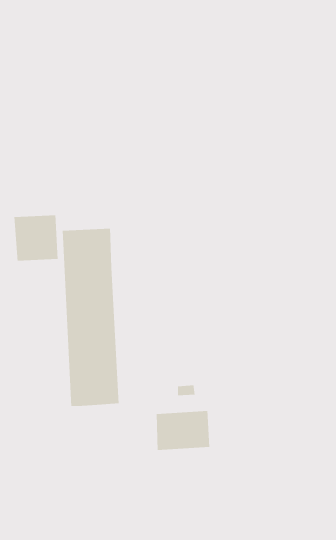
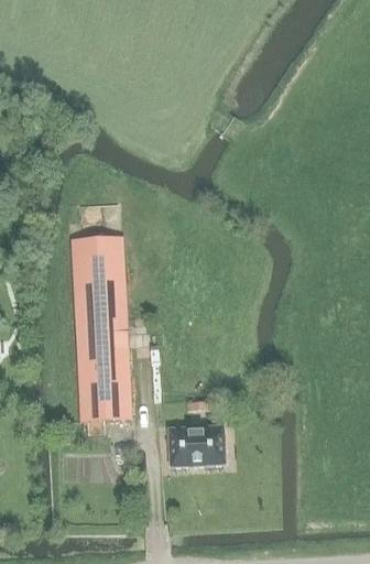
building: [14,214,59,262] -> none

